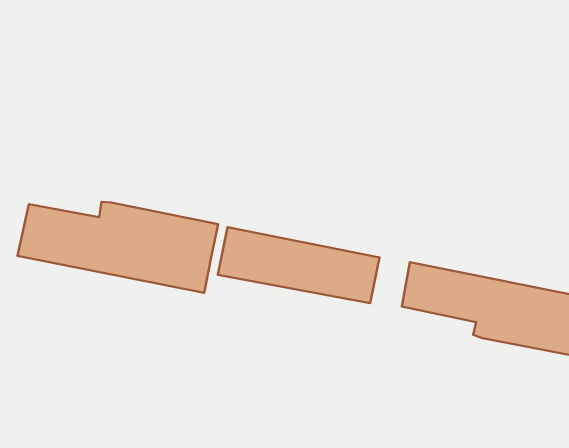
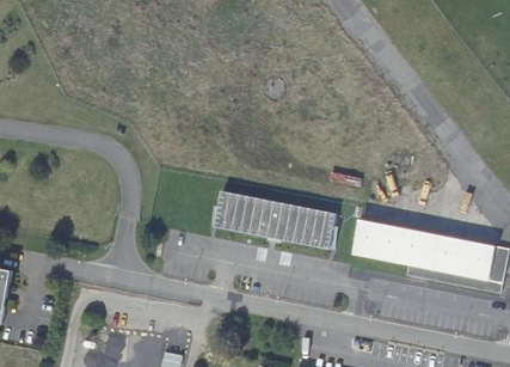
building: [18,202,218,293] -> none

